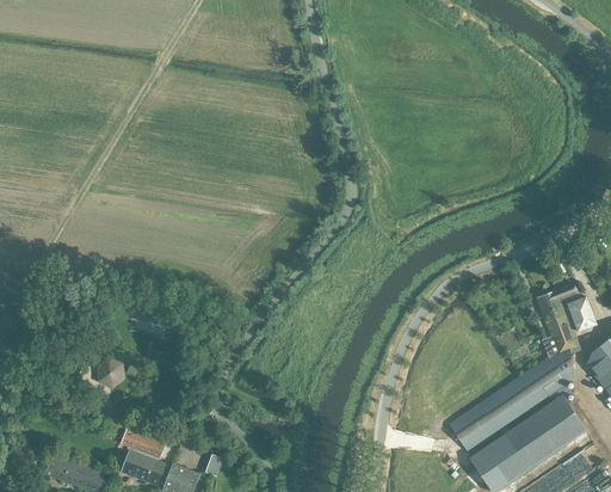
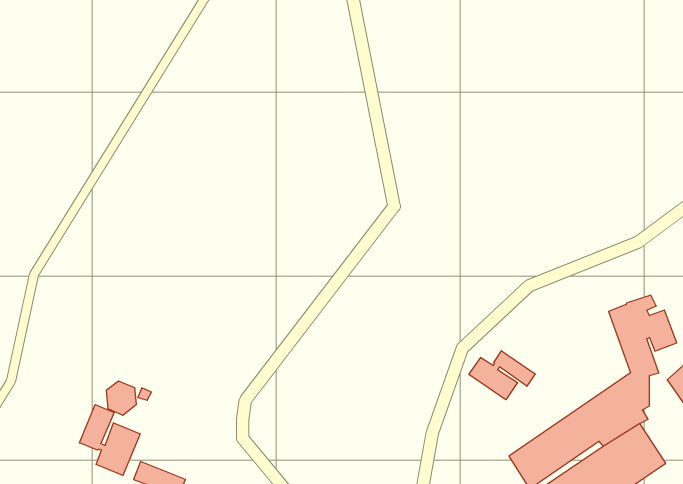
building: none -> [469,351,535,400]
building: none -> [79,405,140,476]

